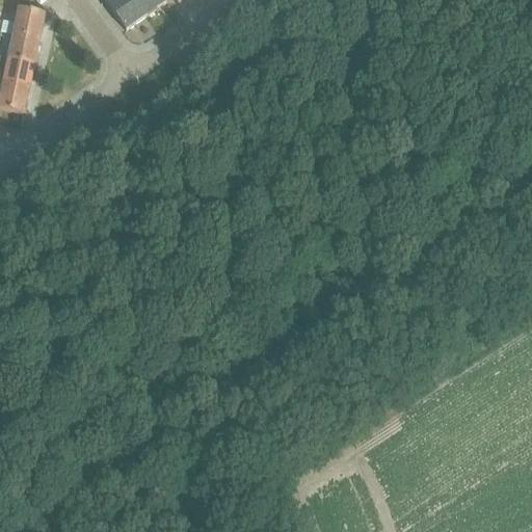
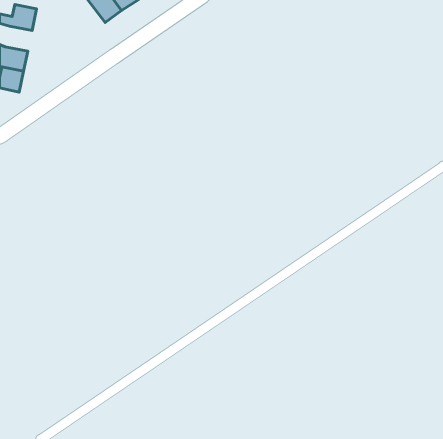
building: [6,31,38,61] -> none

